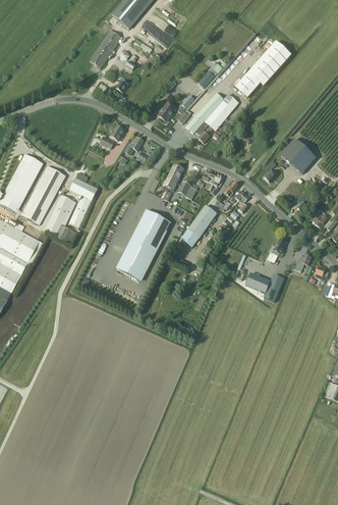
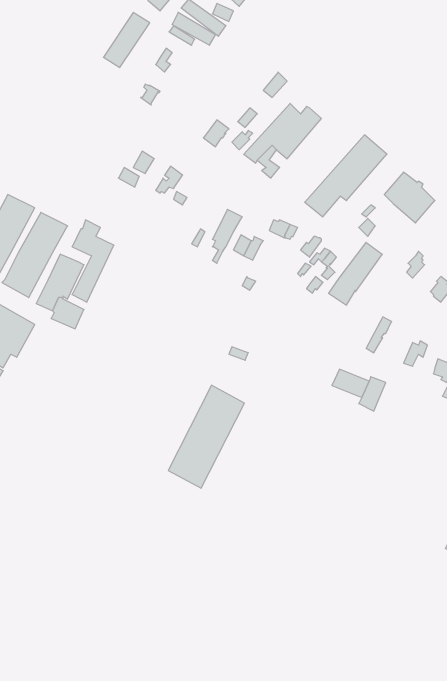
building: [235,41,291,97] -> [305,135,387,217]
building: [180,205,217,248] -> [329,242,382,305]
building: [117,210,169,281] -> [168,385,244,488]

